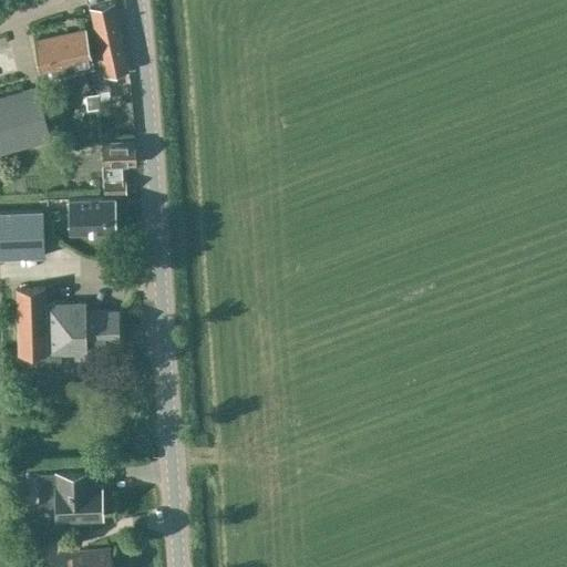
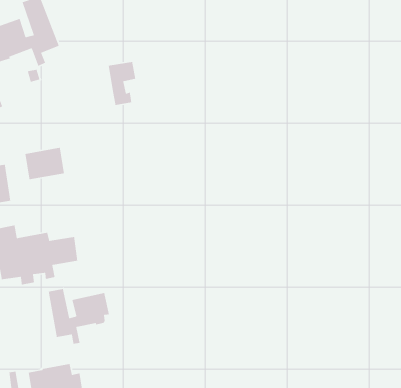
building: [102,144,135,197] -> [108,61,136,106]
building: none -> [48,288,110,344]

